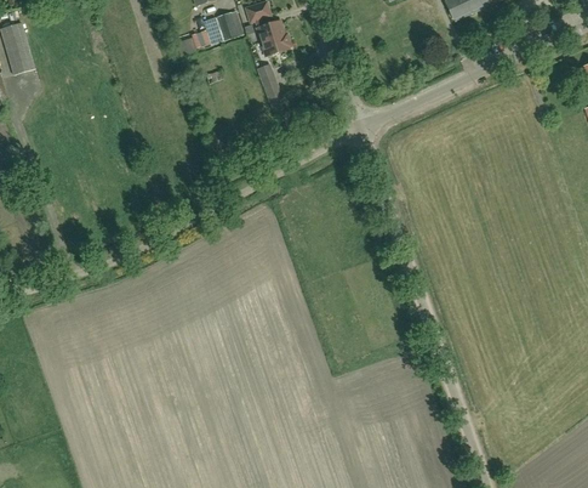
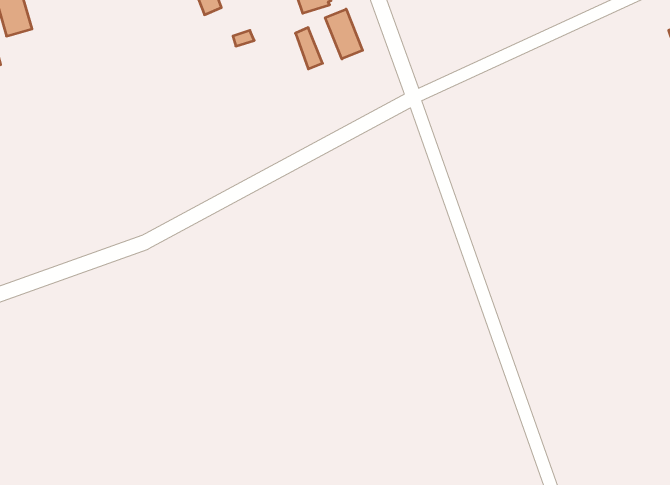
building: none -> [325,9,363,59]

